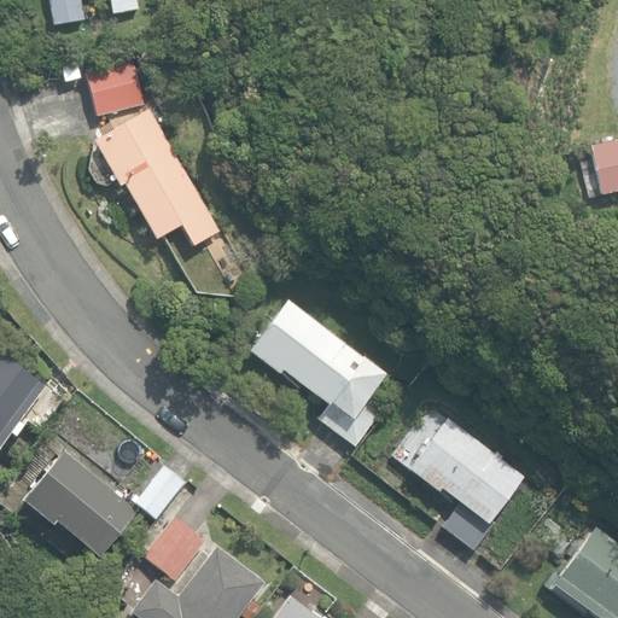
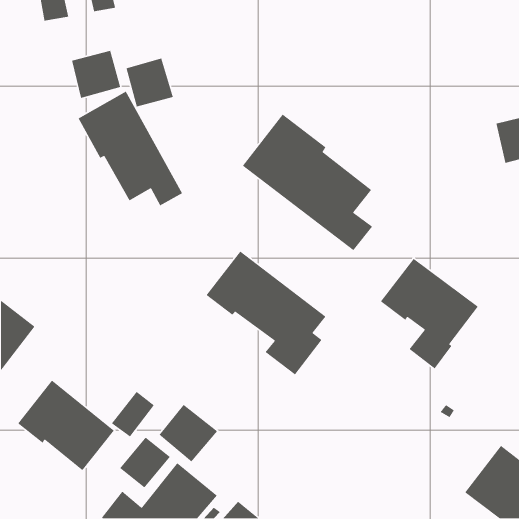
building: none -> [126,58,174,108]
building: none -> [242,114,373,251]
building: [407,418,524,550] -> [380,258,479,370]
building: none -> [158,404,218,463]

